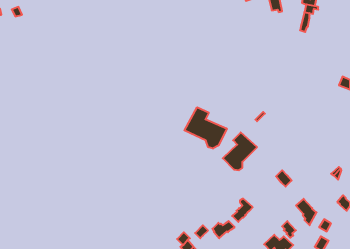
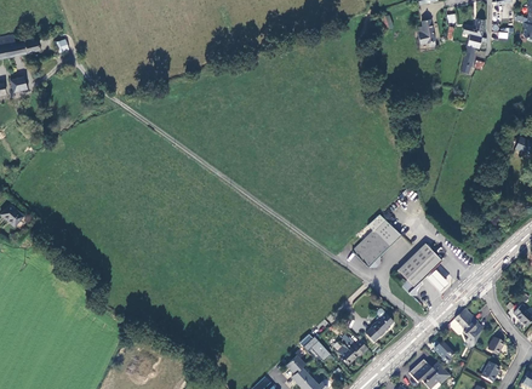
building: [184,107,227,149] -> none
building: none -> [399,242,441,293]

